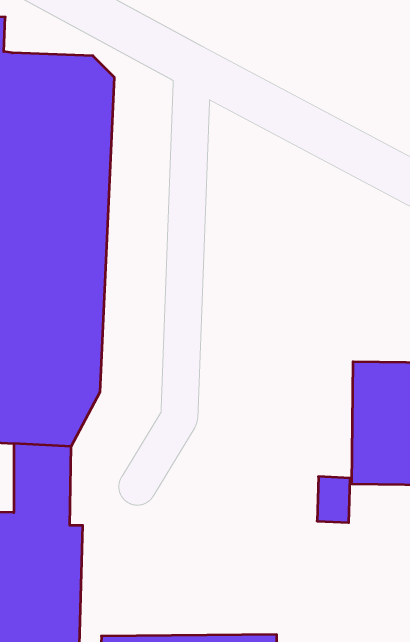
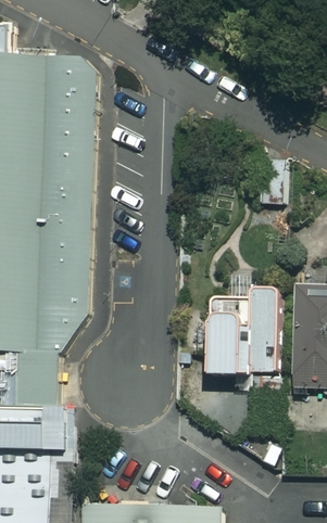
building: none -> [207,285,273,374]

